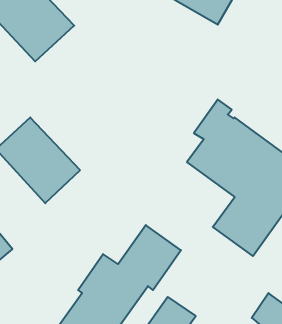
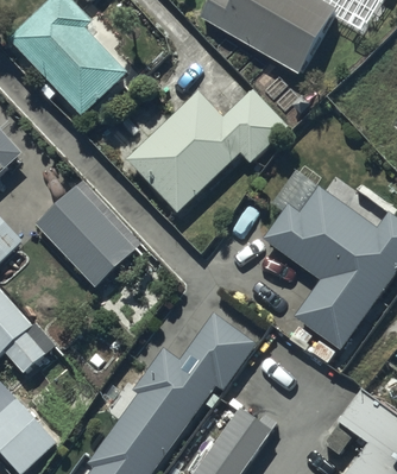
building: none -> [126,89,289,214]

